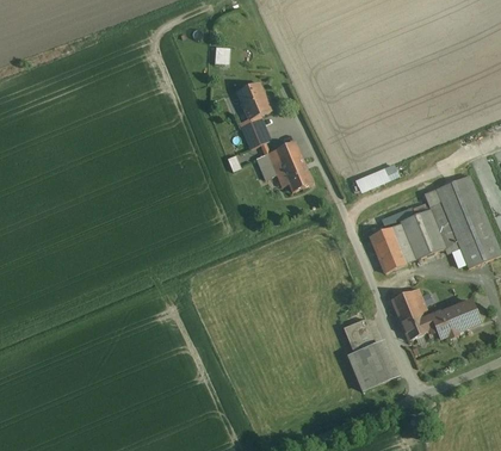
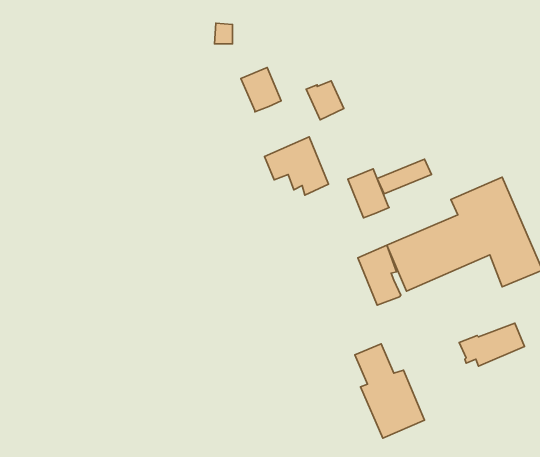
building: [241,115,273,148] -> [306,81,344,120]
building: none -> [348,169,389,218]
building: [395,288,432,339] -> [358,245,401,305]

